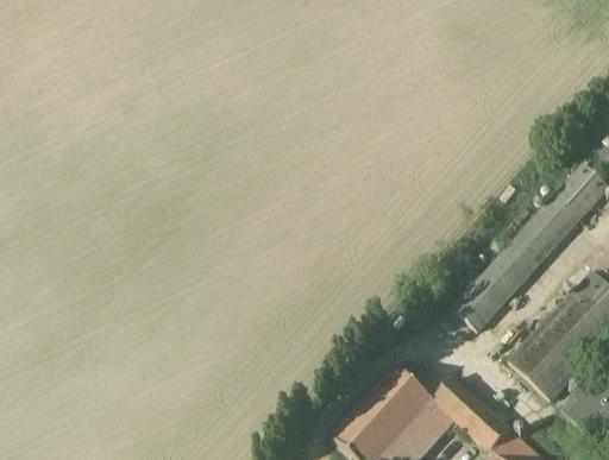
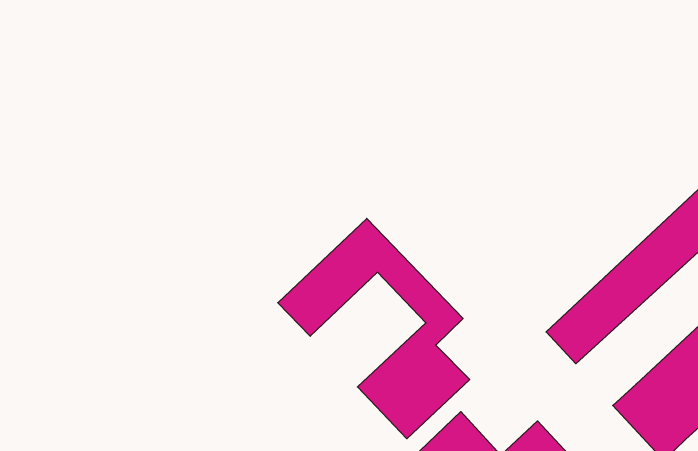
building: none -> [278,218,470,439]

